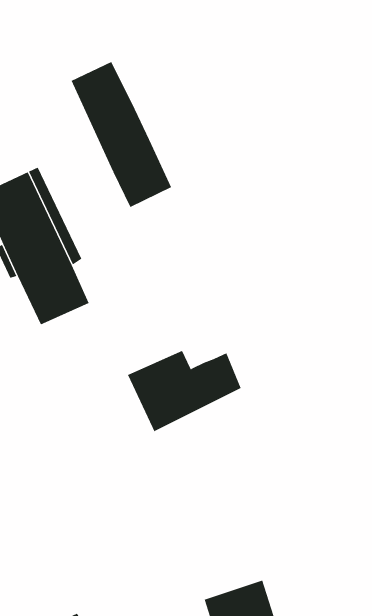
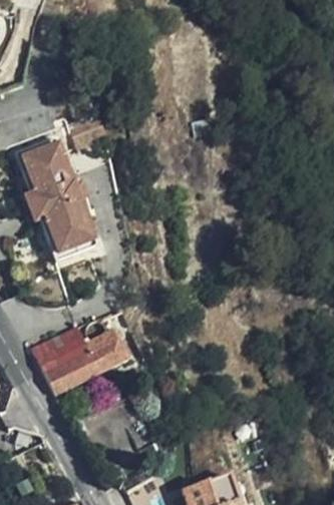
building: [71,61,172,208] -> none
building: [127,350,241,432] -> [38,325,131,392]

